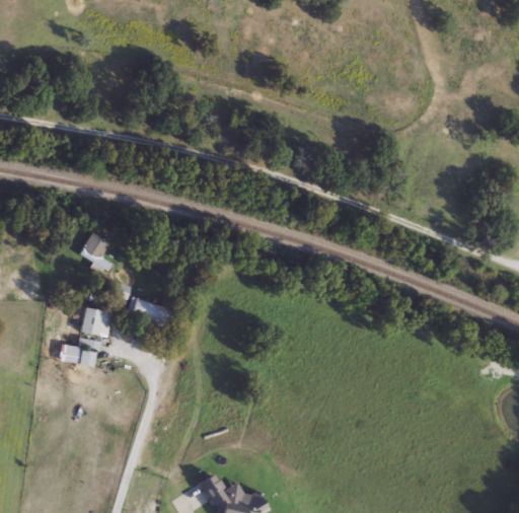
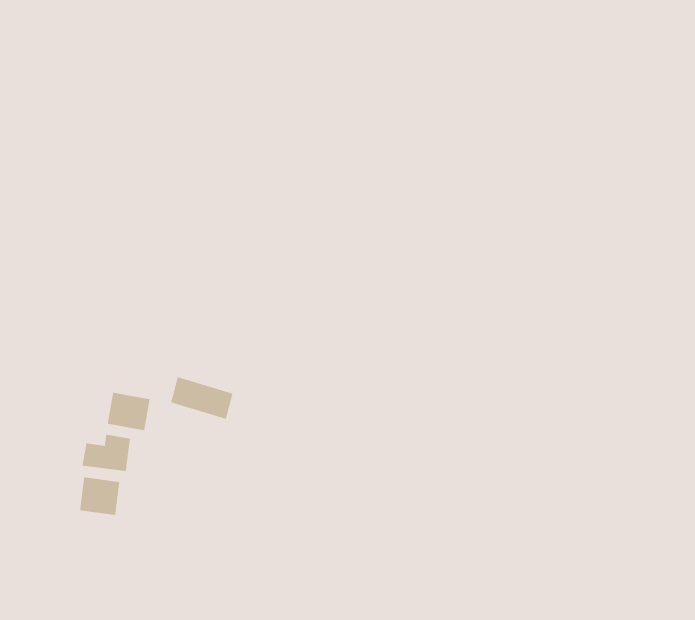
building: [78,232,112,271] -> none
building: none -> [79,477,120,516]

